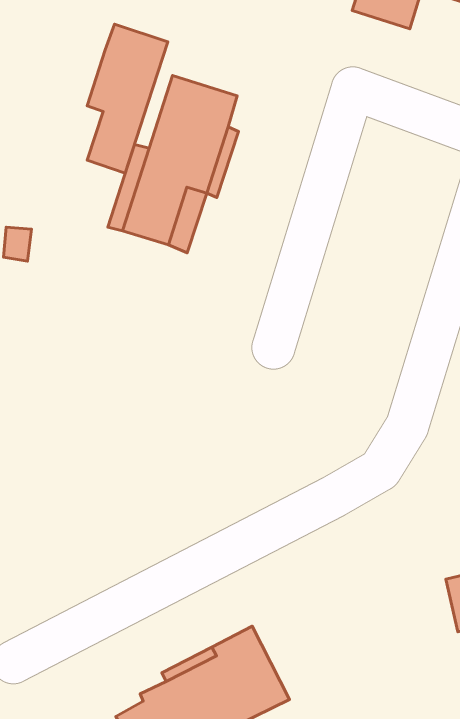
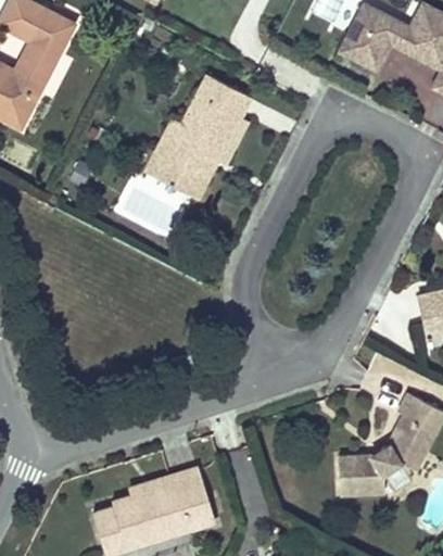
building: [87,24,168,173] -> none

